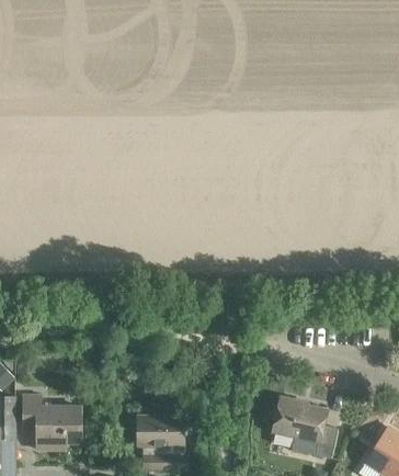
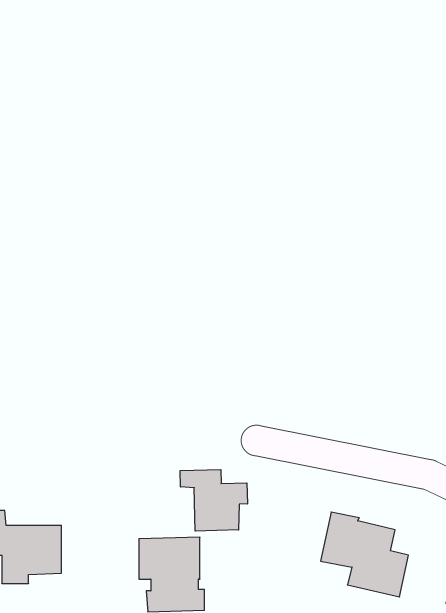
building: none -> [180,470,247,531]

